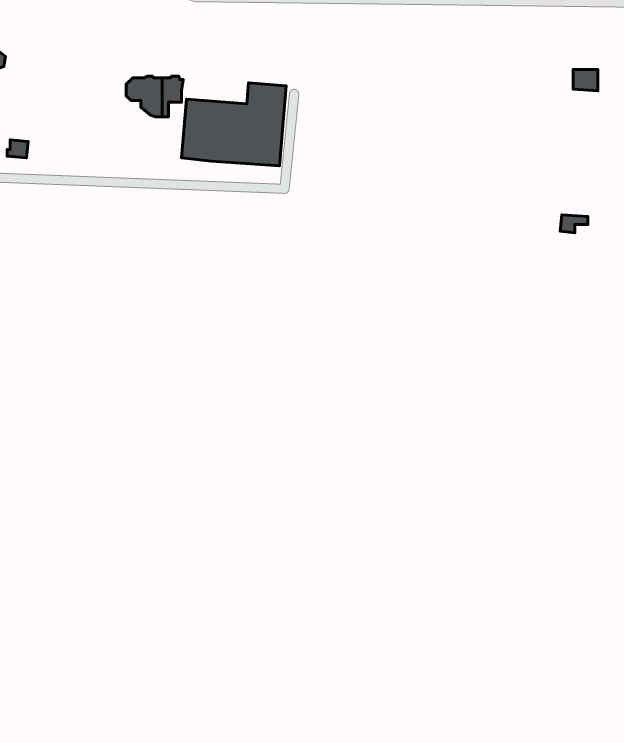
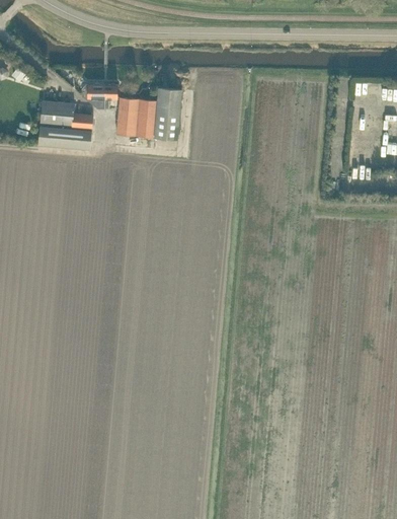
building: none -> [39,100,94,149]

